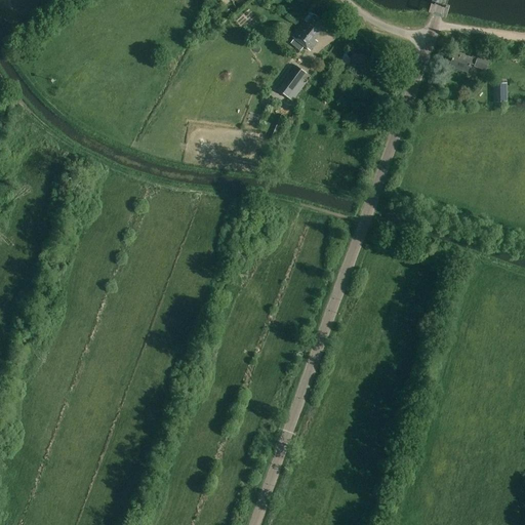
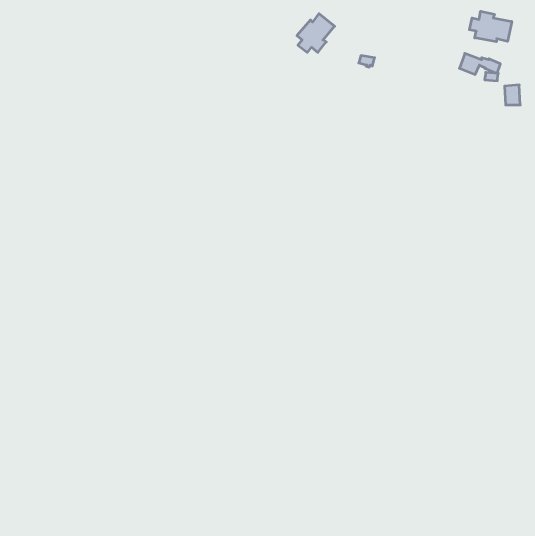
building: none -> [469,11,512,42]
building: [279,66,308,102] -> none

